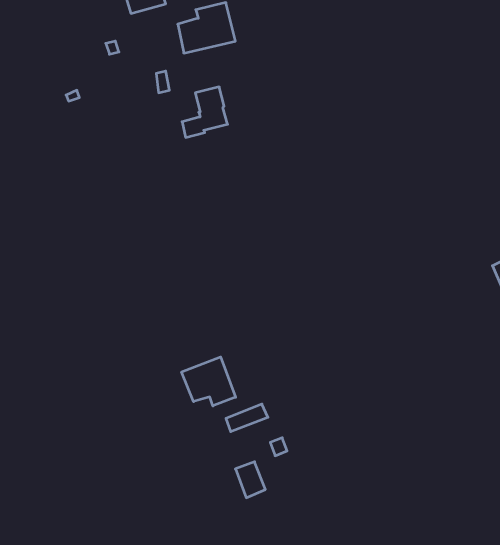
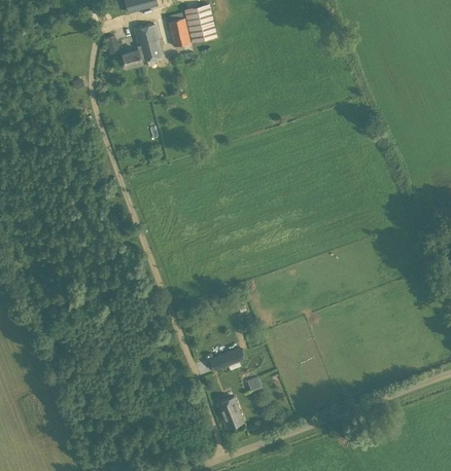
building: [182,87,228,137] -> [122,24,161,67]
building: [182,357,236,406] -> none

